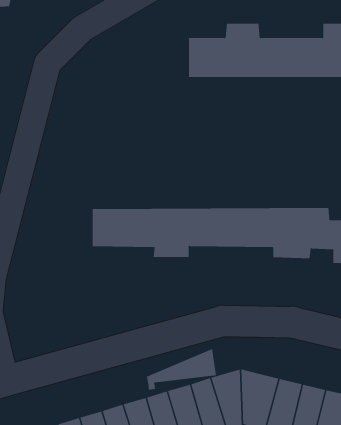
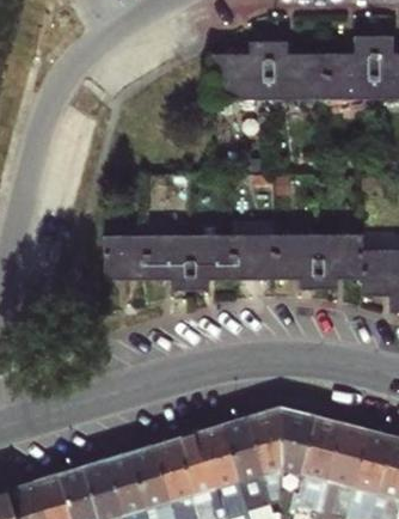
building: [146,348,217,390] -> none

